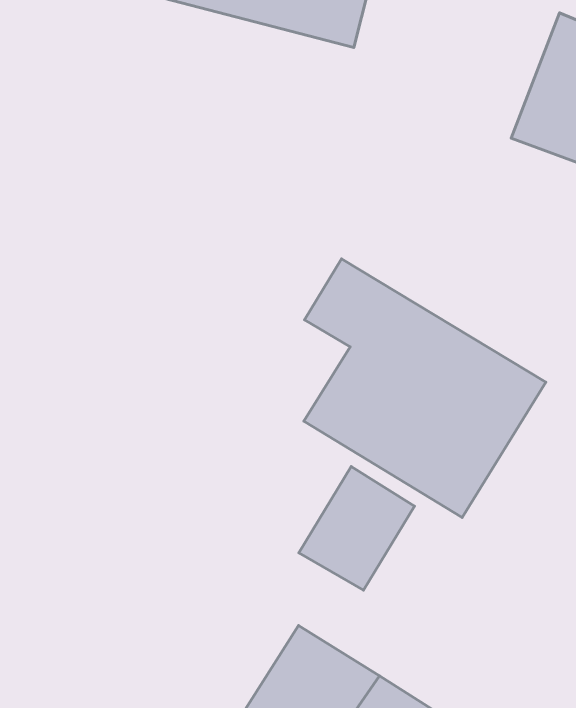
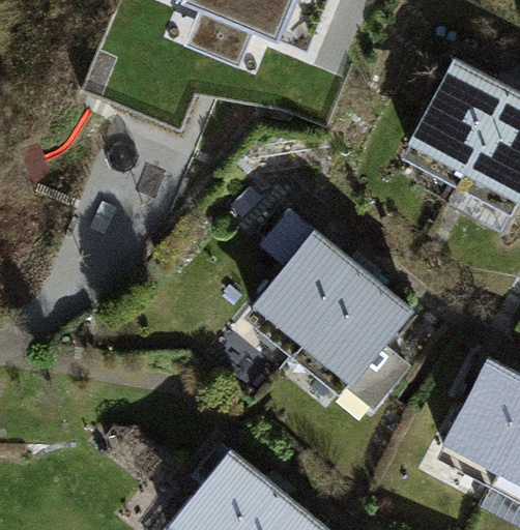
building: [299,467,414,590] -> none

